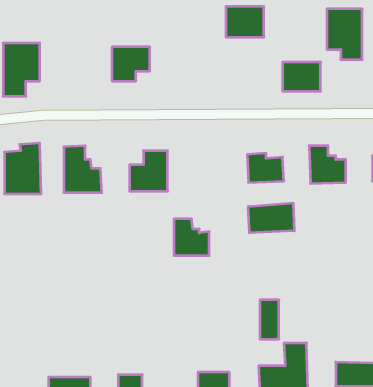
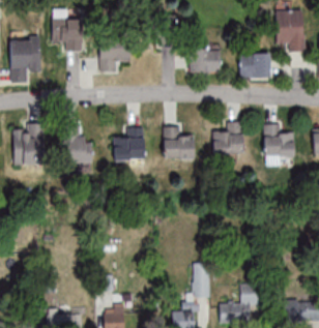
building: [226,7,264,37] -> [190,48,221,72]
building: none -> [60,23,83,50]
building: [248,203,294,233] -> none
building: [174,219,209,256] -> [162,126,191,156]
building: [260,300,279,339] -> [194,266,209,298]

